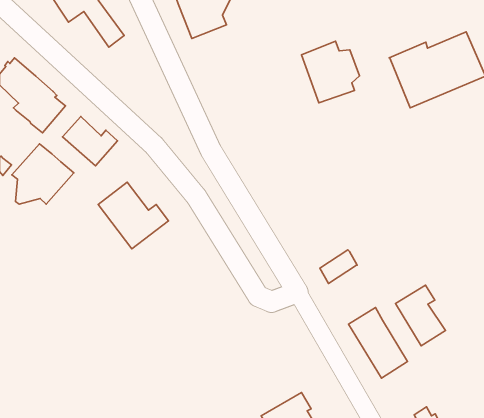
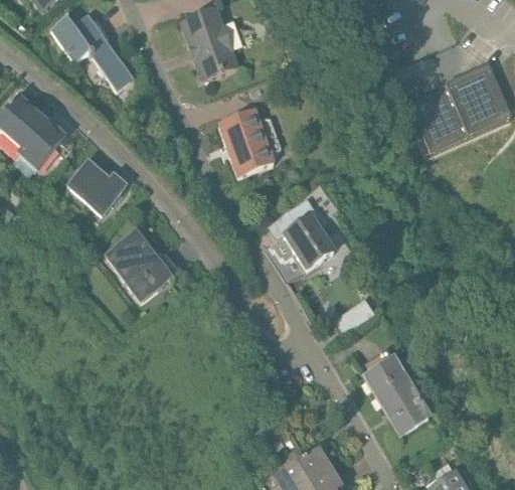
building: [302,41,359,103] -> [219,111,280,175]
building: [12,144,74,204] -> none
building: none -> [284,197,333,269]
building: [395,285,445,346] -> none

